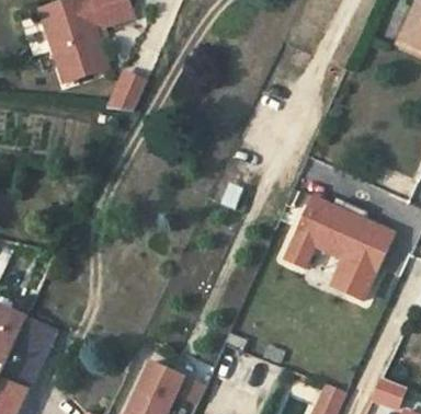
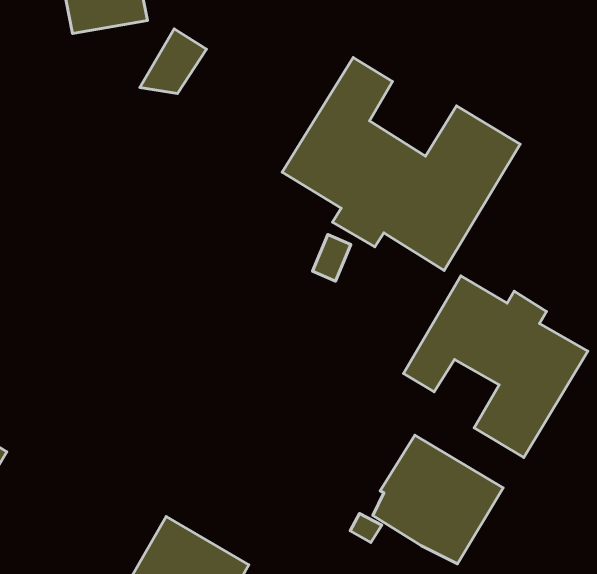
building: none -> [282,57,520,271]
building: none -> [373,435,503,564]

